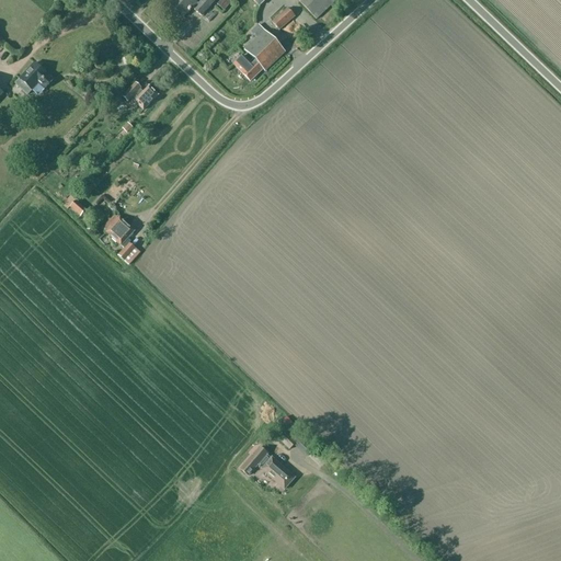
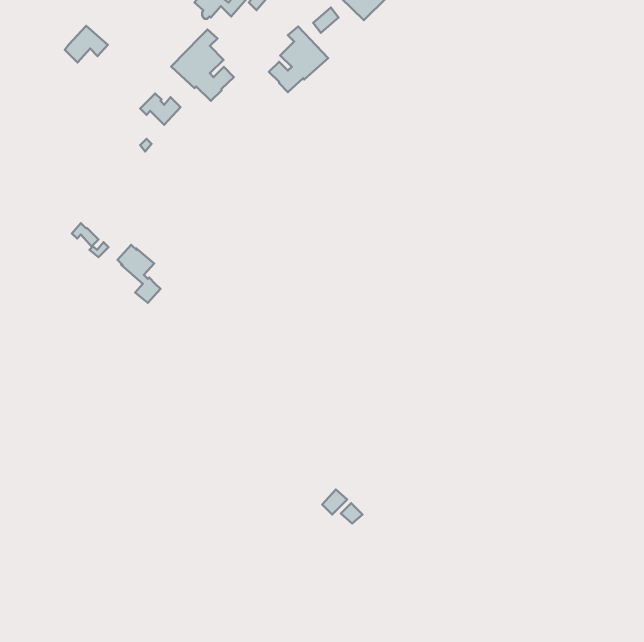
building: none -> [171,29,234,101]
building: [16,61,54,93] -> [65,26,108,62]
building: [241,445,295,488] -> none

